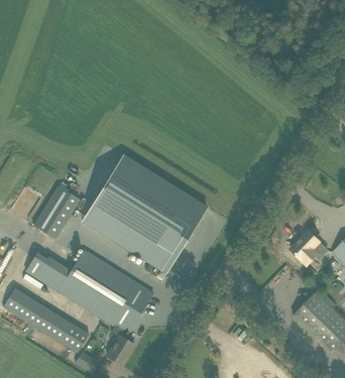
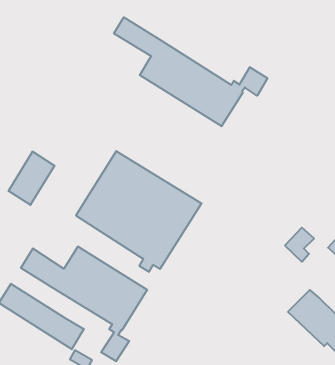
building: none -> [114,17,267,126]
building: [33,185,80,239] -> [8,152,55,205]

